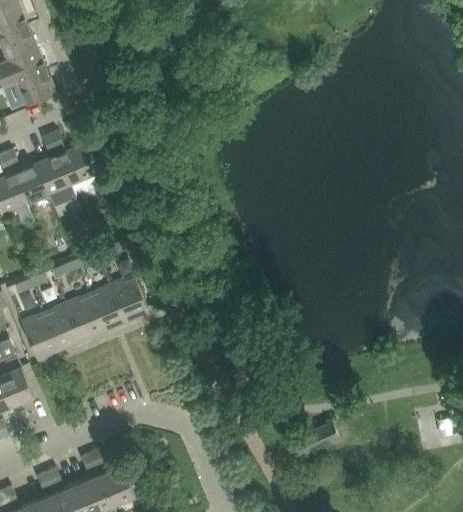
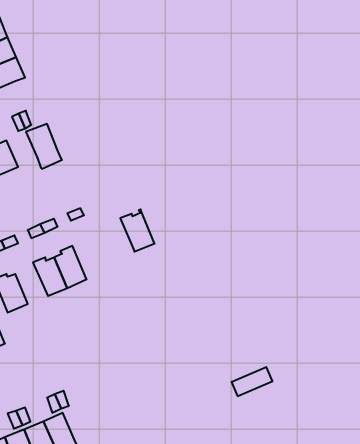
building: [34,154,79,217] -> none
building: [109,274,148,322] -> [120,209,155,252]
building: [44,303,81,350] -> none
building: [98,465,134,504] -> none

